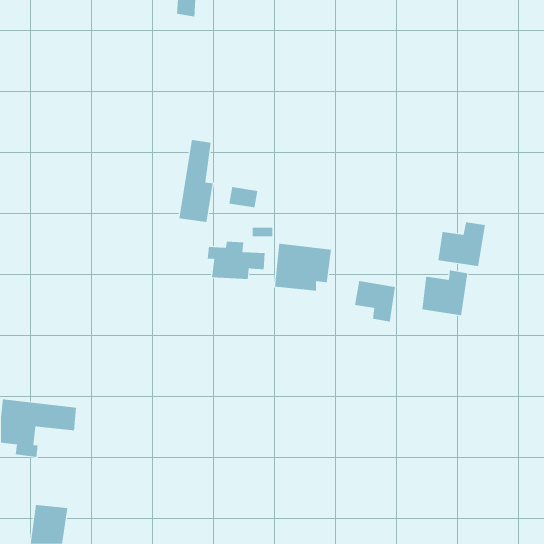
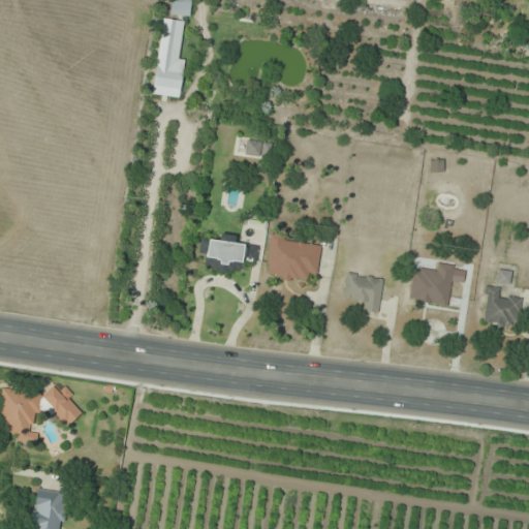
building: [178,139,214,223] -> [152,18,186,98]
building: [228,187,258,208] -> [244,138,273,159]
building: [438,222,485,267] -> none
building: none -> [480,284,522,328]

